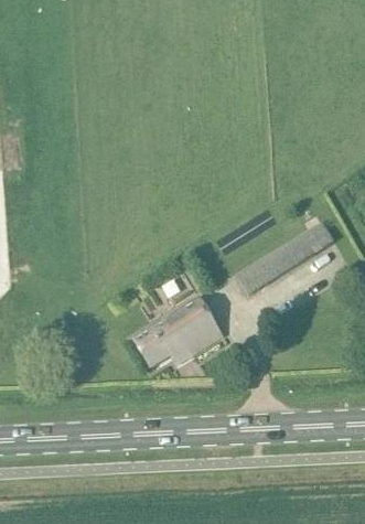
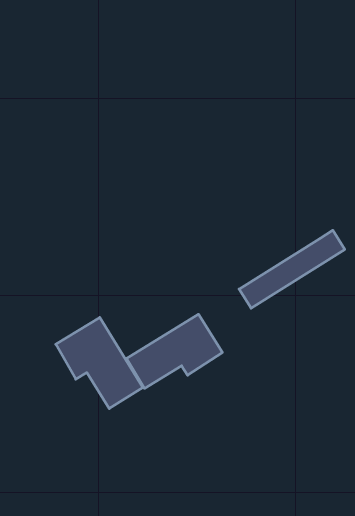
building: none -> [56,317,143,409]

